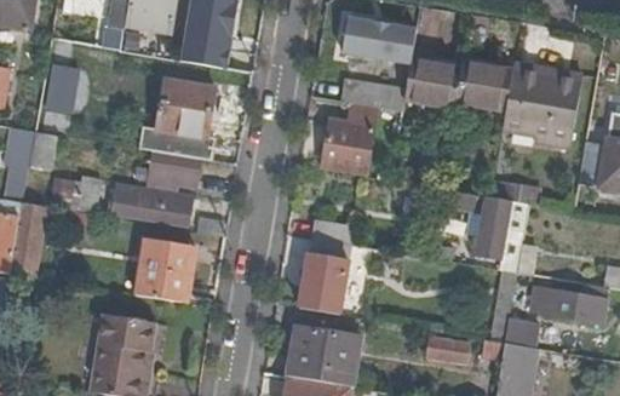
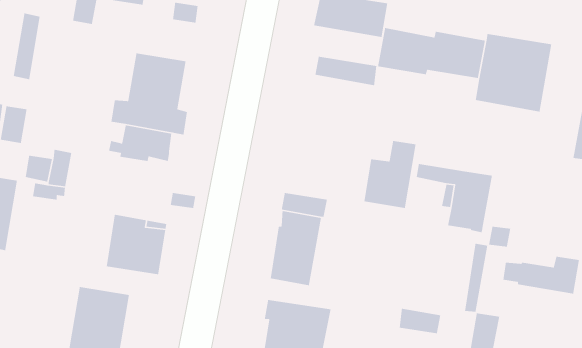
building: [322,104,375,173] -> [363,140,416,209]
building: [111,185,194,225] -> none

